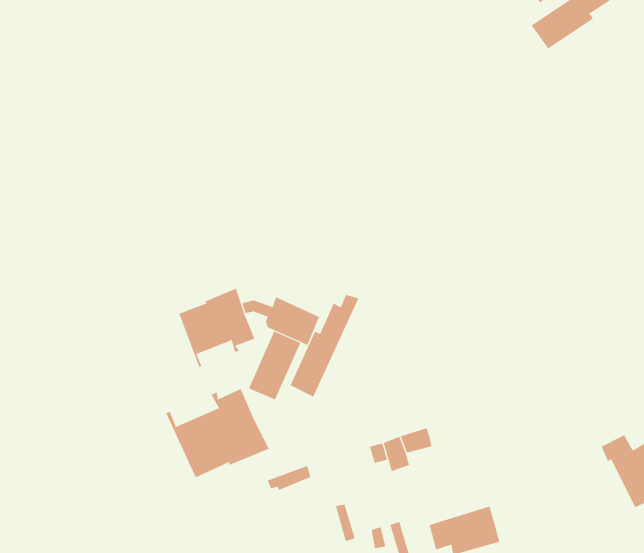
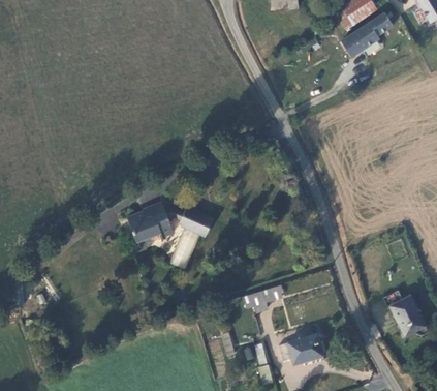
building: [290,294,359,397] -> none
building: [166,388,269,478] -> none

